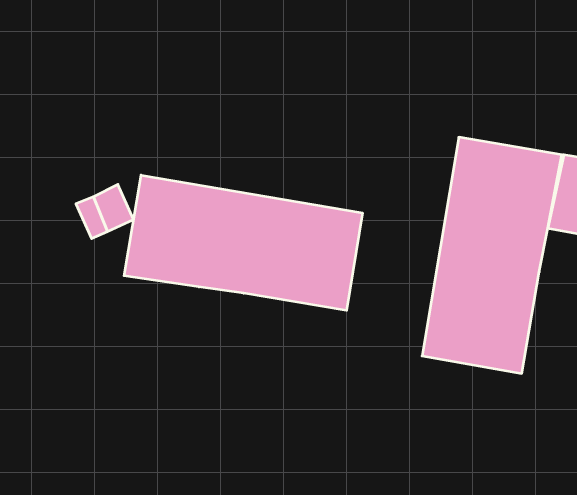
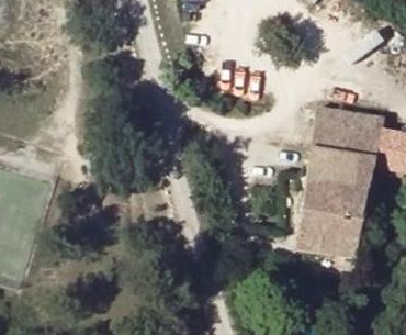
building: [124,175,362,310] -> none

